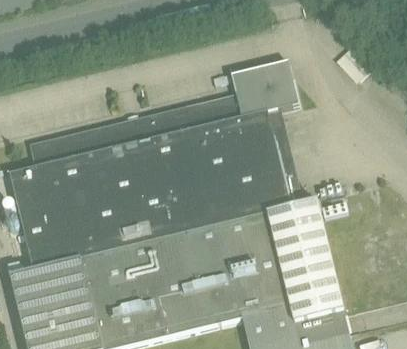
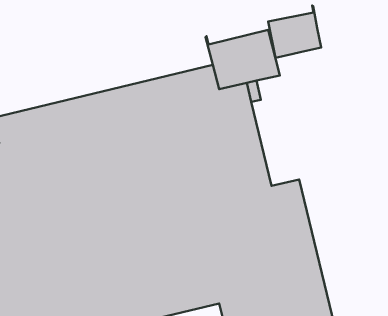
building: none -> [268,6,321,58]

